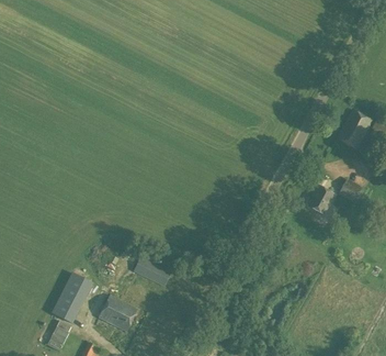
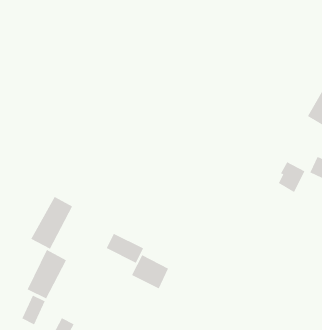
building: none -> [30,196,73,250]
building: [99,296,137,331] -> [131,254,169,289]

